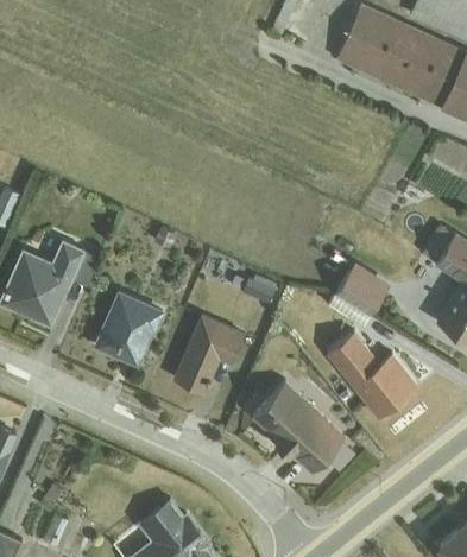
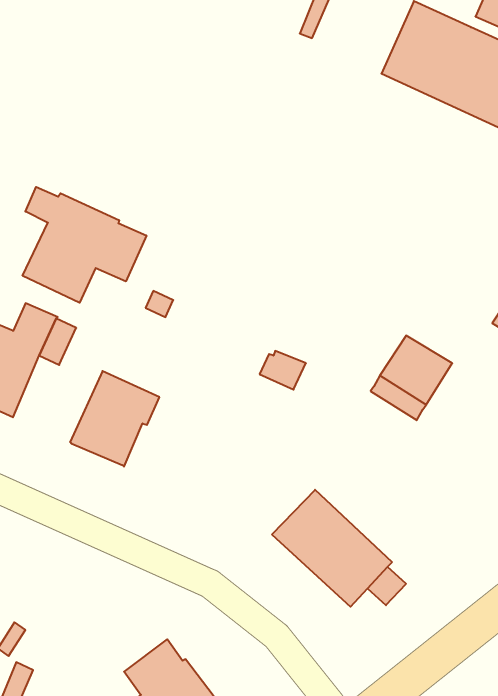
building: none -> [23,187,146,303]
building: [175,314,245,392] -> none
building: [327,331,418,418] -> none

